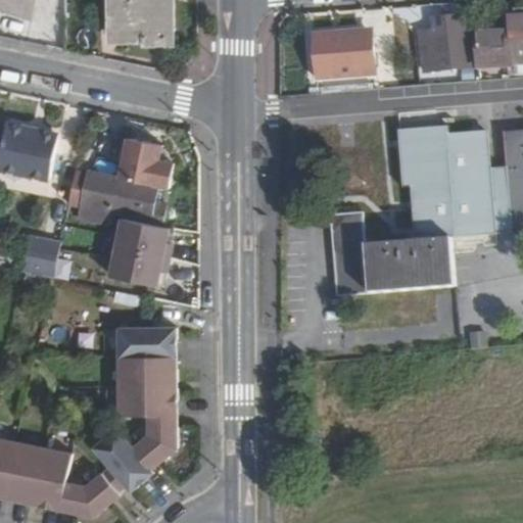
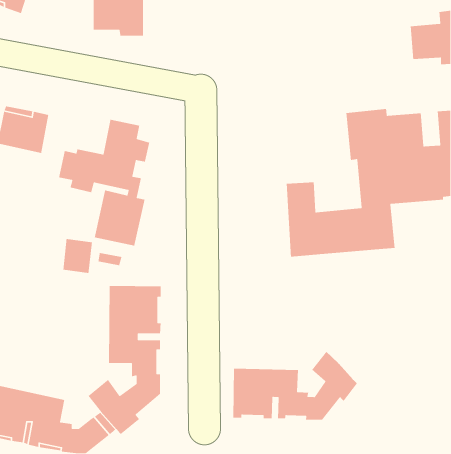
building: [413,12,466,72] -> none
building: [307,26,371,80] -> none
building: [22,232,57,273] -> [62,238,93,274]
building: none -> [232,351,358,421]

